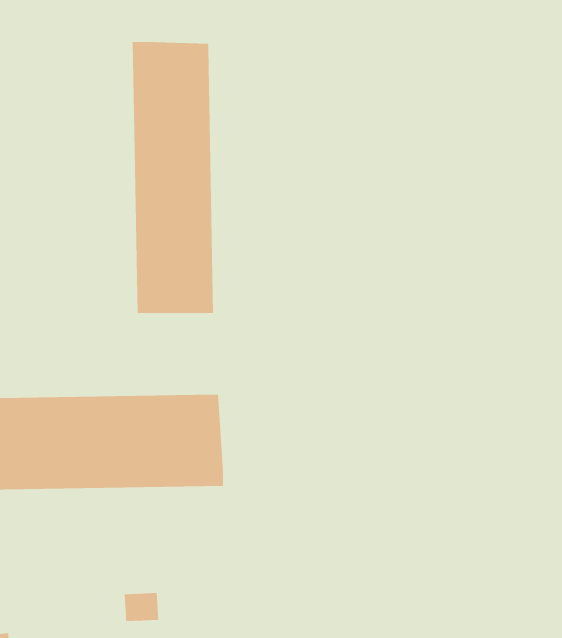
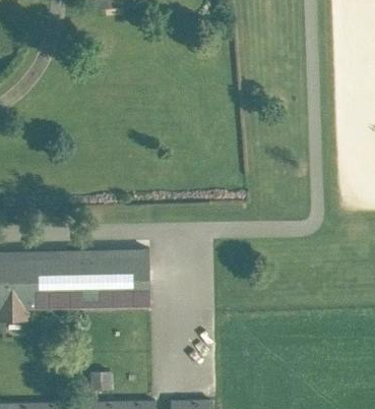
building: [132,41,213,314] -> none

